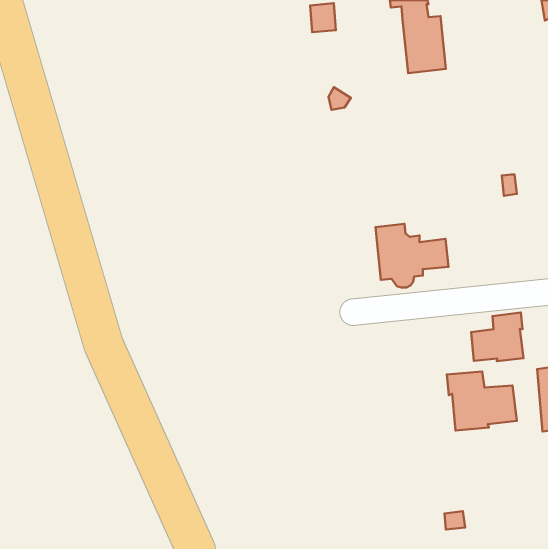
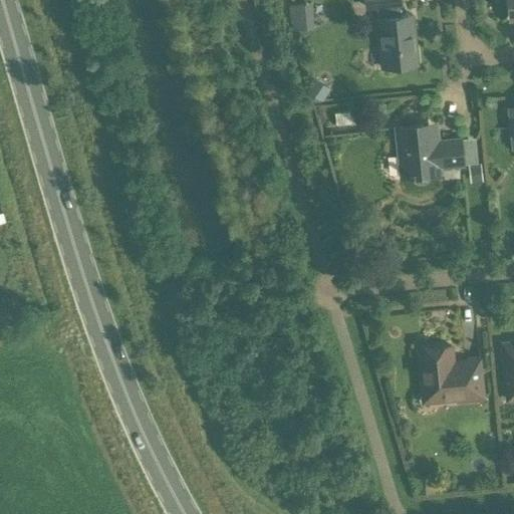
building: [375,224,449,287] -> [397,125,465,185]
building: [471,313,523,361] -> none

